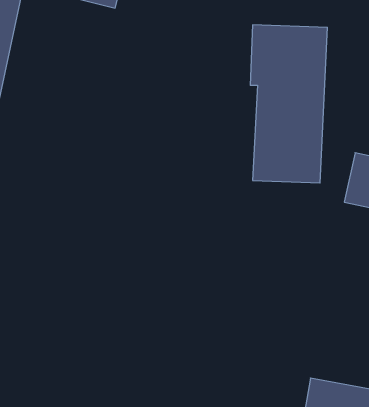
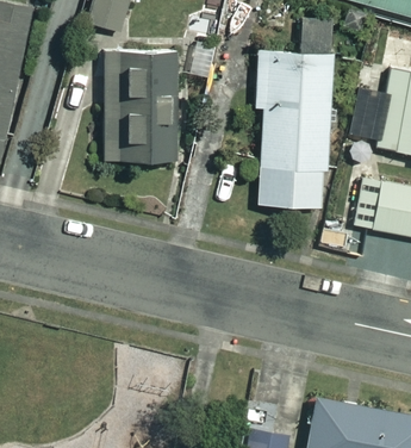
building: none -> [104,49,174,162]

